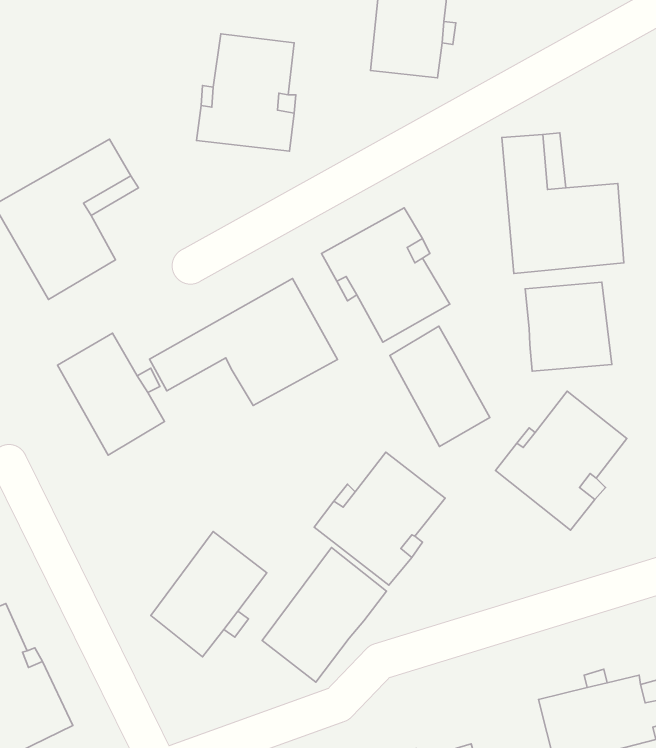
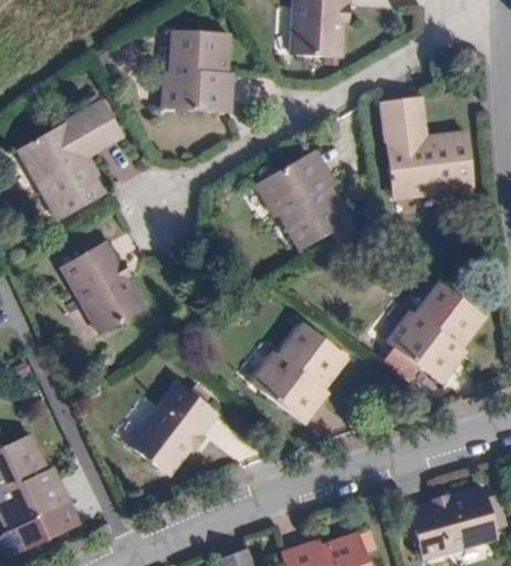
building: [150,278,337,406] -> none
building: [525,282,612,371] -> none
building: [390,326,490,446] -> none
building: [262,548,387,682] -> none

